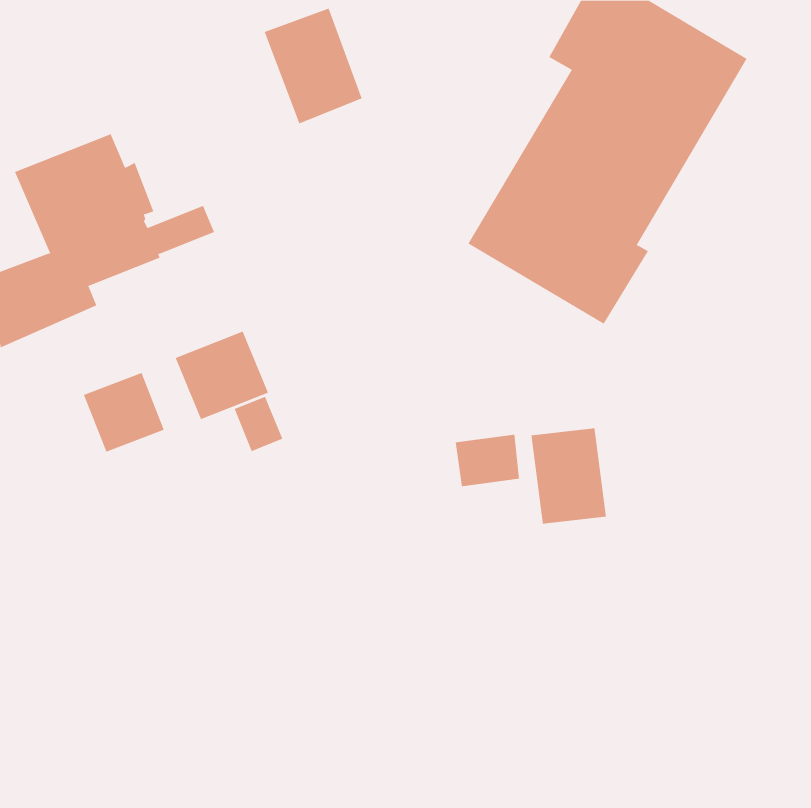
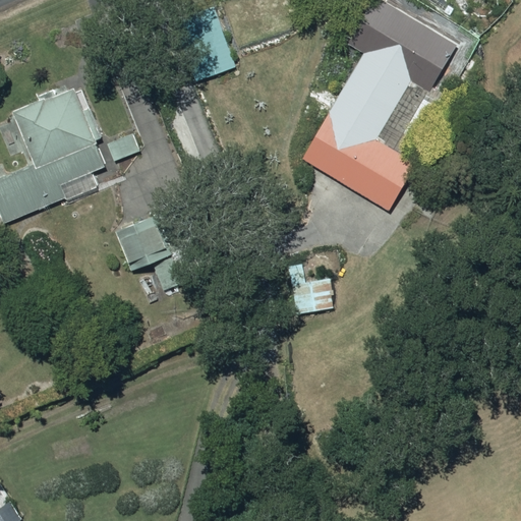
building: [83,372,165,453] -> none
building: [531,427,606,524] -> none

